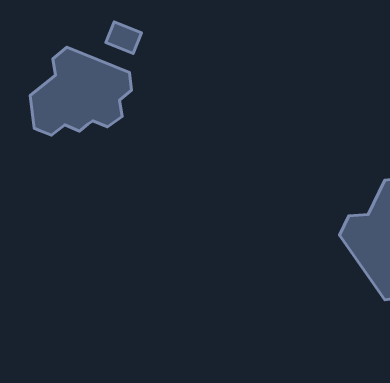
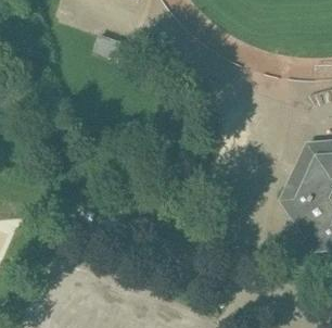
building: [30,47,131,135] -> none

